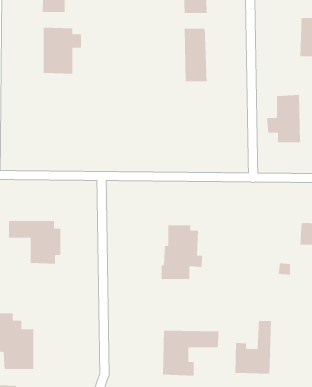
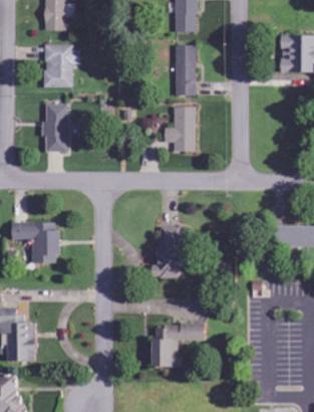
building: none -> [43,104,66,151]
building: [266,94,301,143] -> [164,106,196,151]
building: [235,320,272,374] -> none

